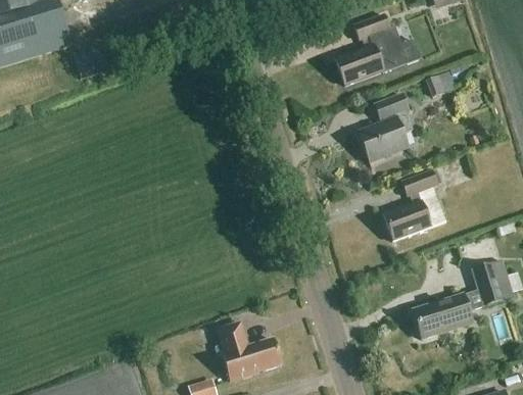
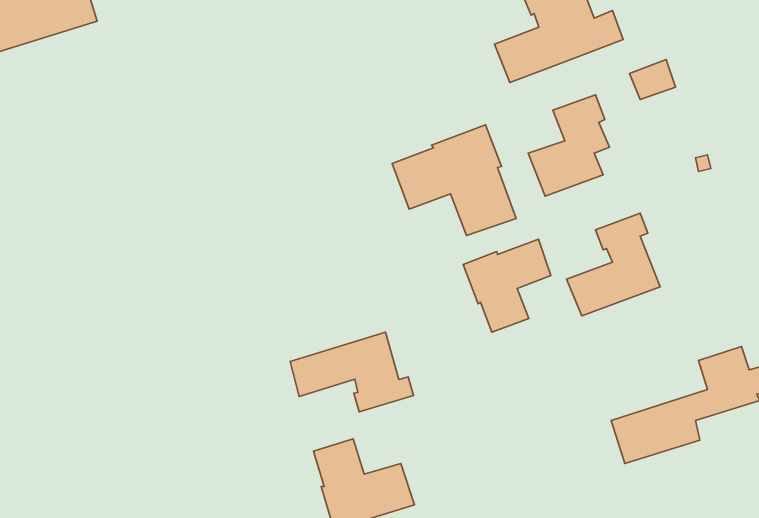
building: none -> [392,125,516,235]
building: none -> [463,239,551,332]
building: none -> [290,332,414,412]

